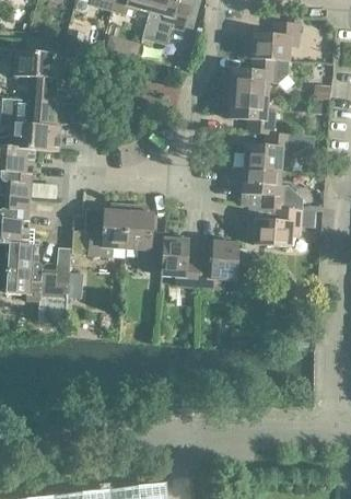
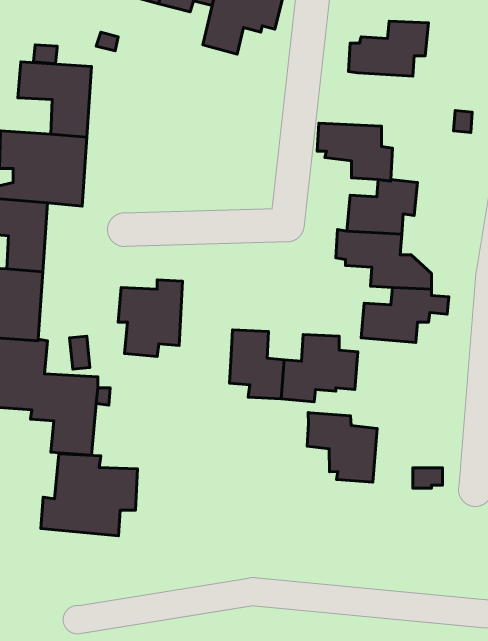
building: [223,59,289,96] -> none
building: [126,205,164,260] -> none
building: none -> [307,412,377,482]
building: none -> [41,454,137,536]

